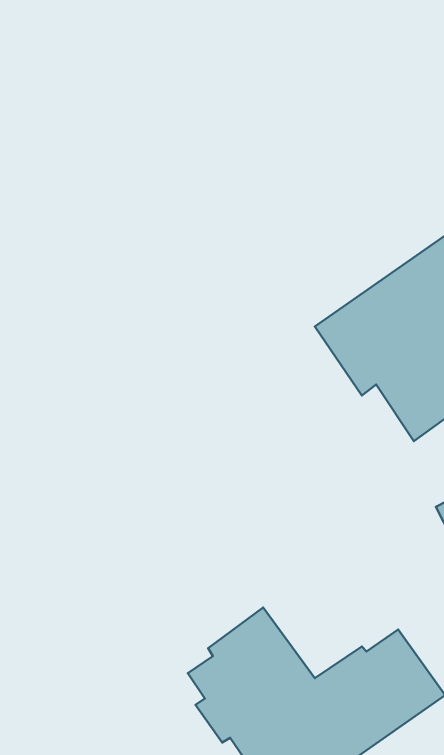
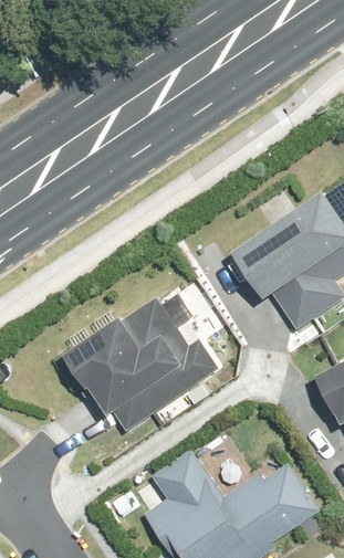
building: none -> [56,299,218,429]

